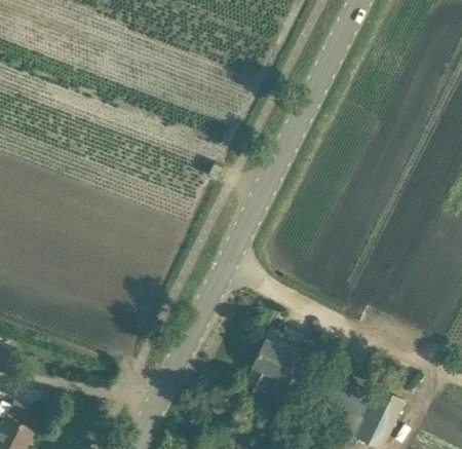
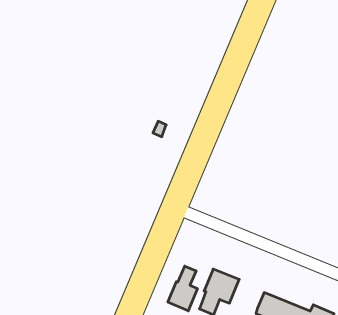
building: none -> [168,266,197,311]

